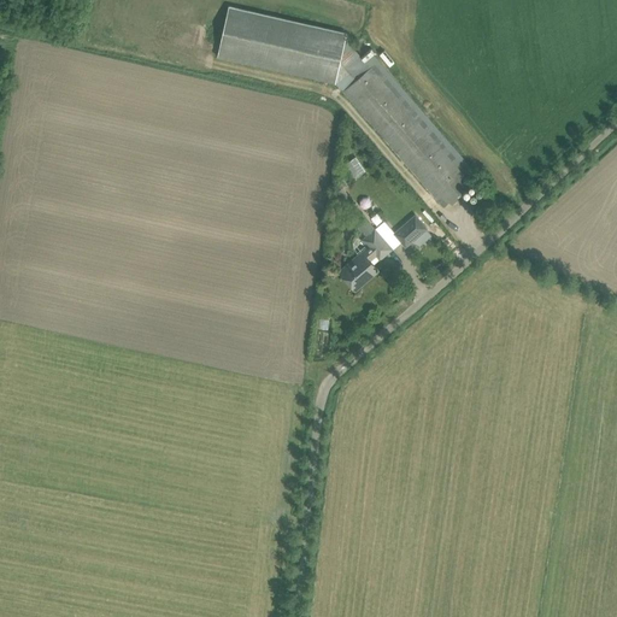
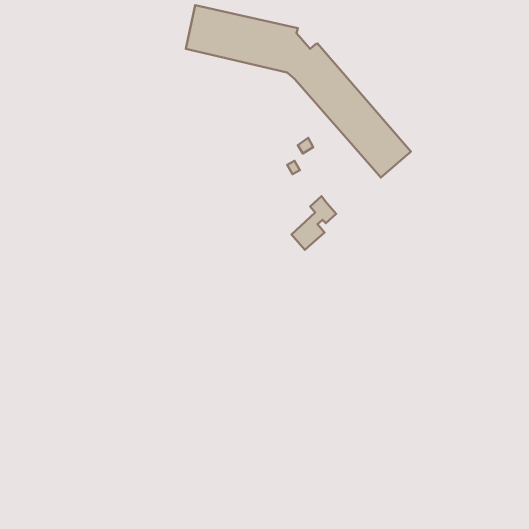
building: [392,216,427,249] -> none

